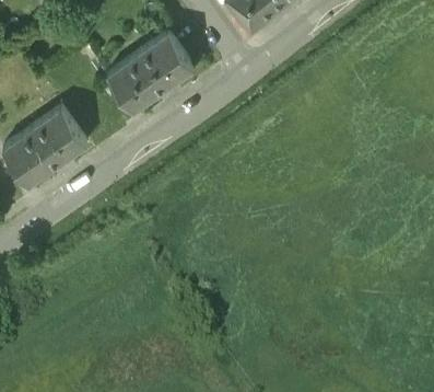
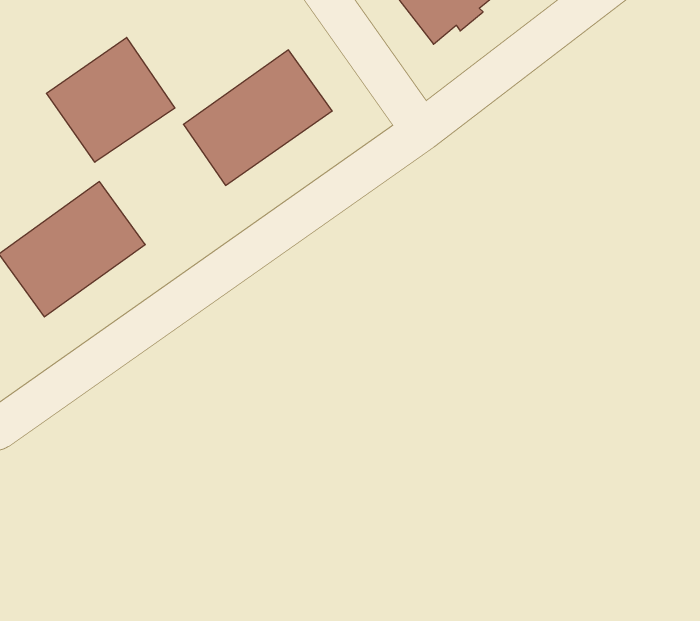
building: none -> [46,37,175,162]

